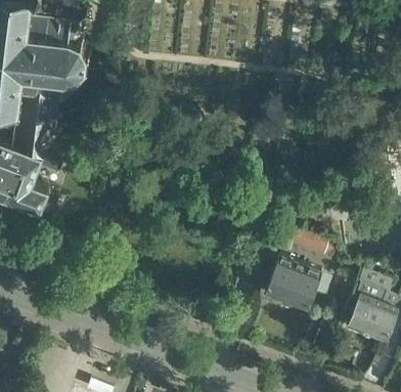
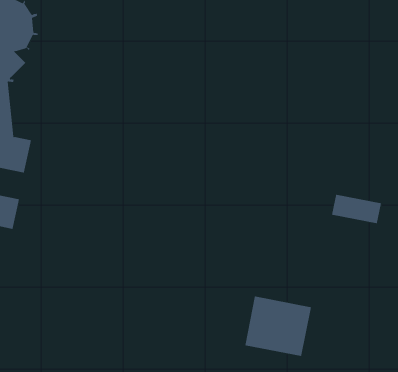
building: [265,261,322,314] -> [244,296,312,356]

